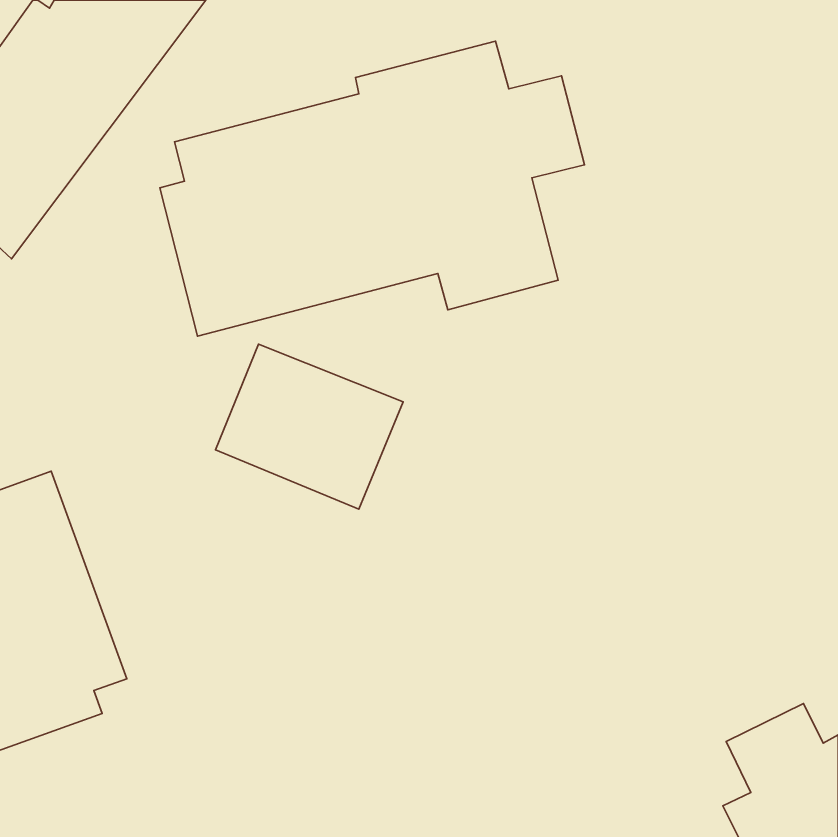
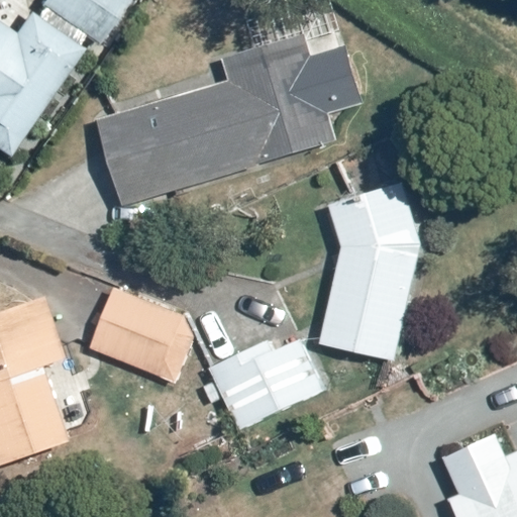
building: none -> [317,184,424,358]
building: [216,344,403,509] -> [88,283,203,384]
building: none -> [206,334,322,433]

